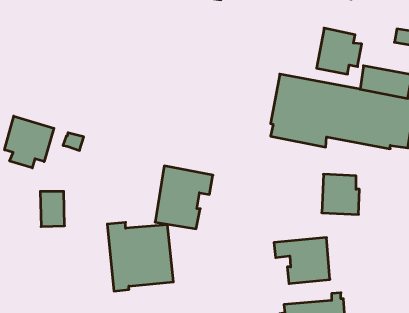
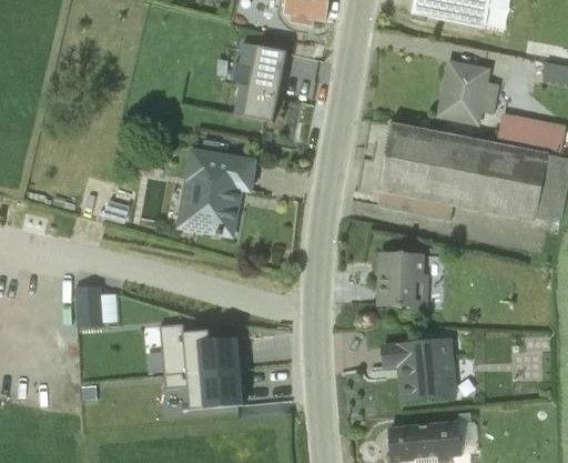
building: none -> [234,42,286,122]
building: [5,116,54,168] -> none
building: [155,166,213,229] -> [176,151,253,234]
building: [322,174,359,214] -> [378,253,428,306]

